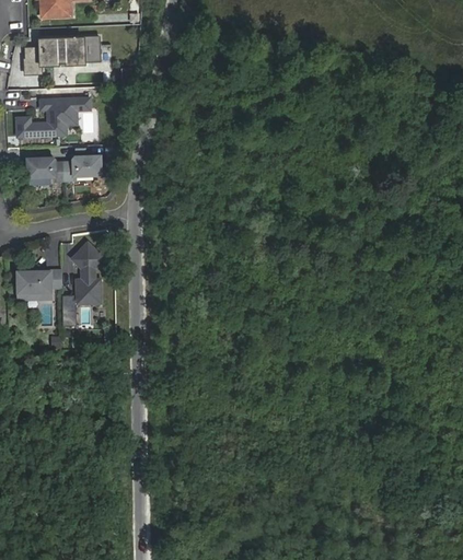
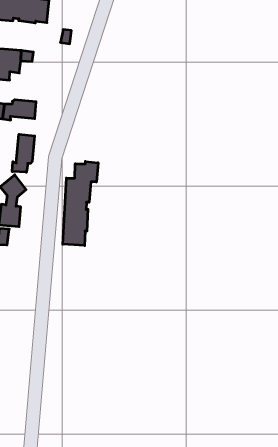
building: none -> [12,134,35,172]
building: none -> [63,161,98,246]

